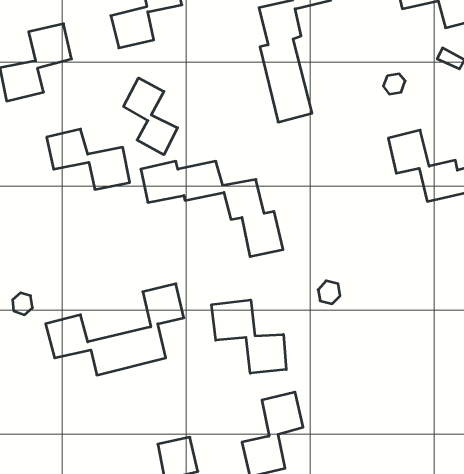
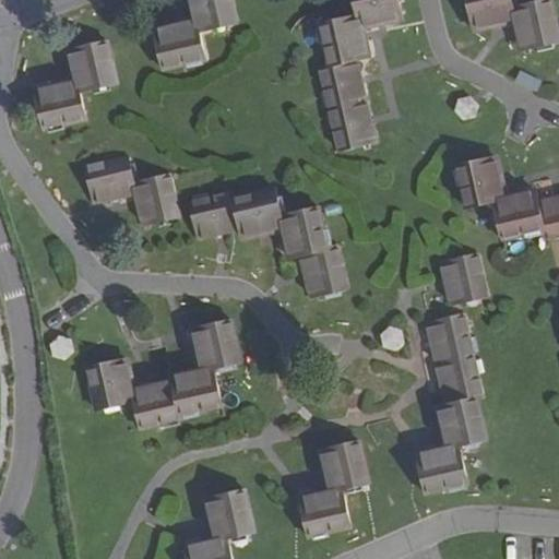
building: [124,78,178,155] -> none
building: none -> [439,254,484,302]
building: none -> [417,314,483,490]
building: [212,300,286,373] -> none

